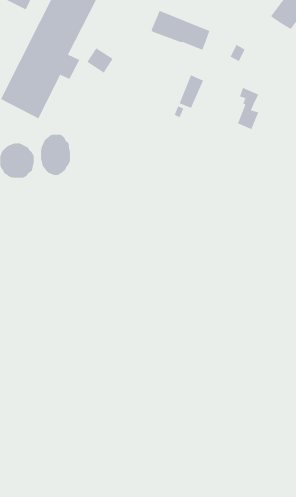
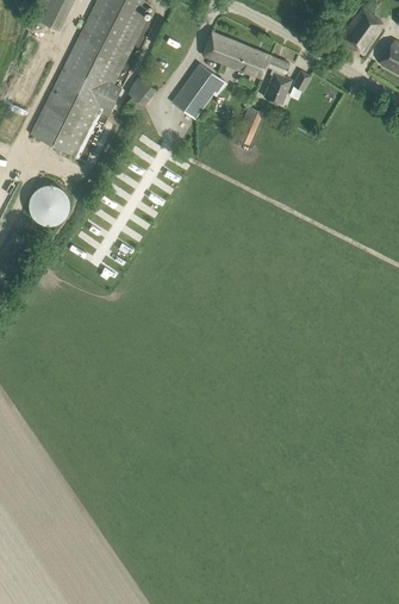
building: none -> [166,63,227,119]
building: [237,87,259,130] -> [264,55,289,104]
building: [41,134,70,176] -> none

